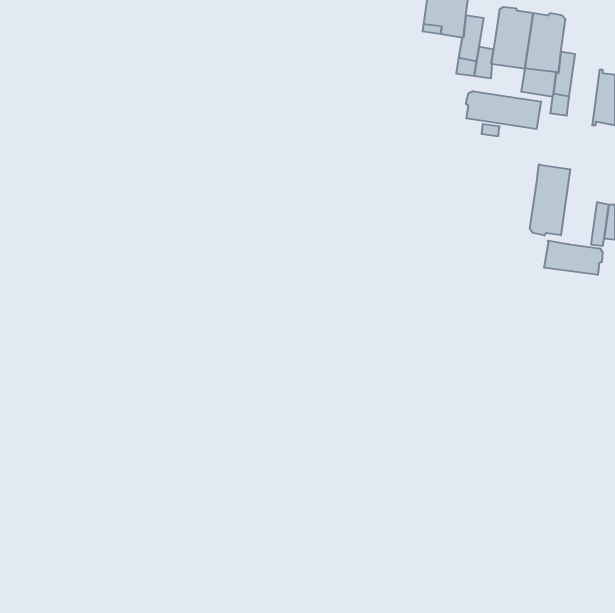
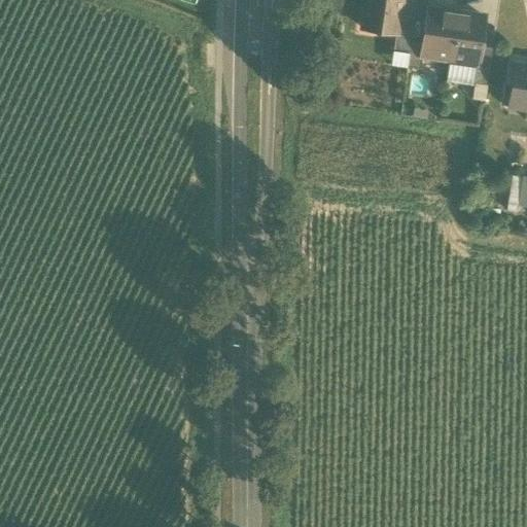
building: [466,91,541,129] -> none
building: [530,164,570,236] -> none
building: [544,241,603,275] -> none

